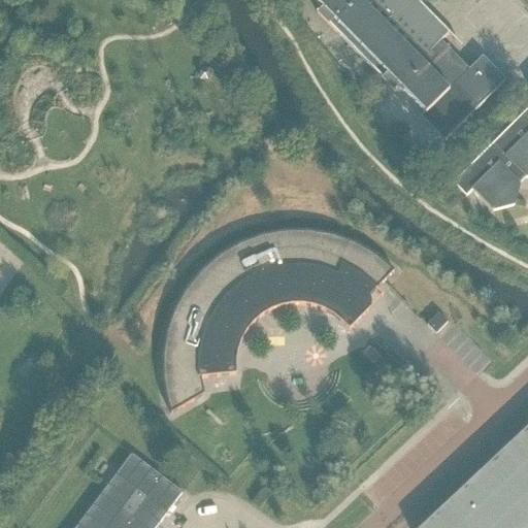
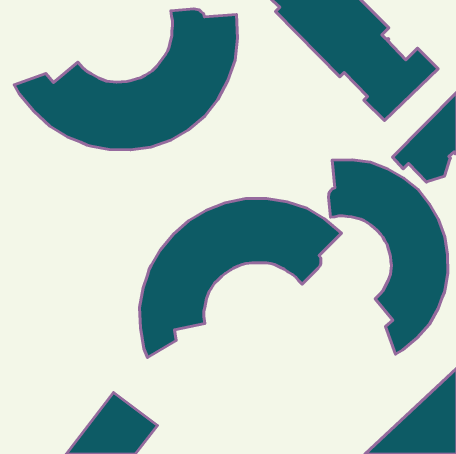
building: none -> [14,9,238,150]
building: none -> [329,160,448,354]

